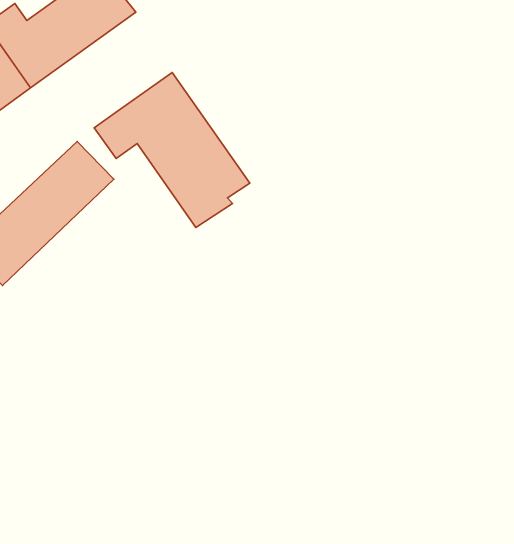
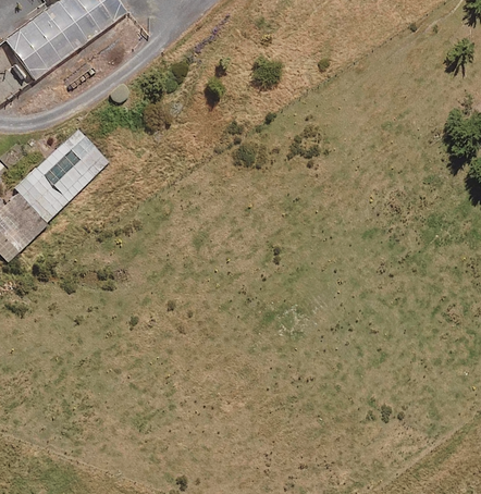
building: [94,72,250,227] -> none

